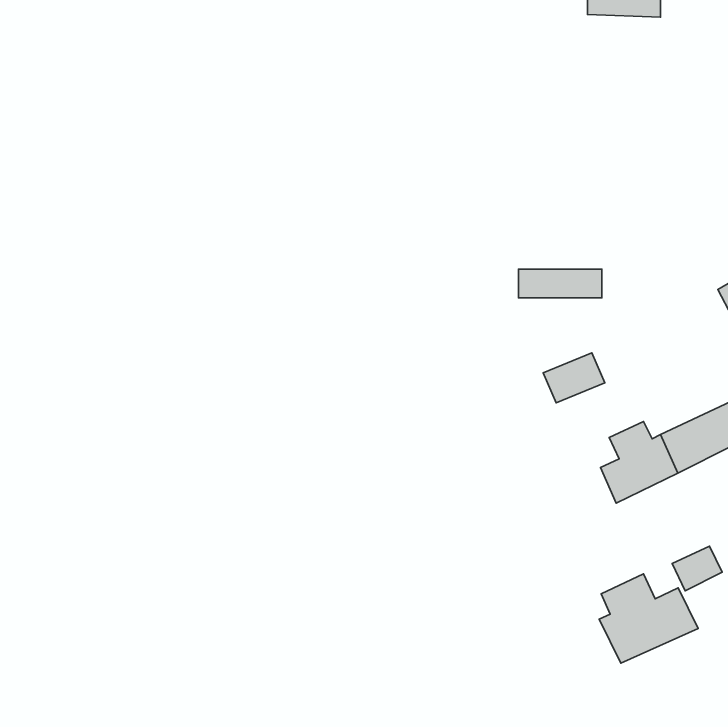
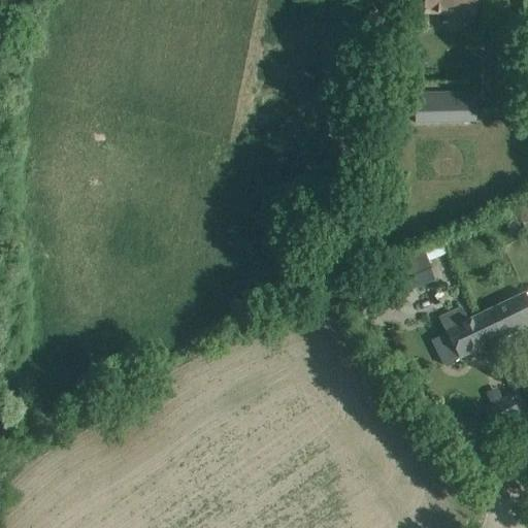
building: [519,269,602,298] -> [419,98,478,119]
building: [599,574,698,663] -> none

